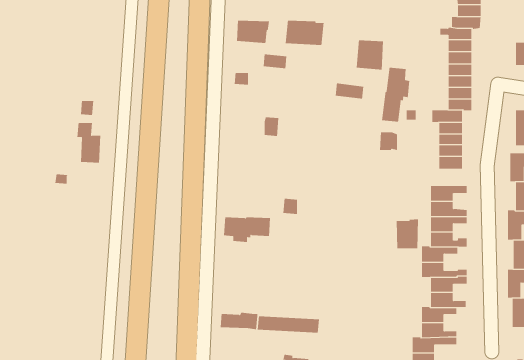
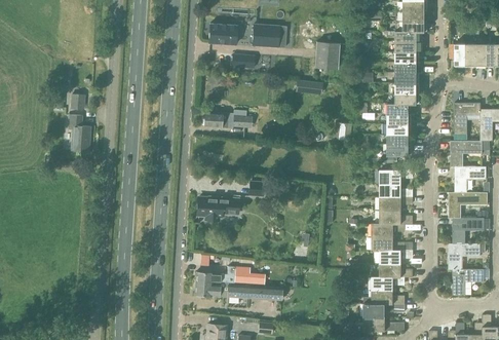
building: [381,67,410,123] -> none
building: none -> [204,113,233,128]
building: [396,219,418,249] -> none
building: none -> [195,267,250,285]

